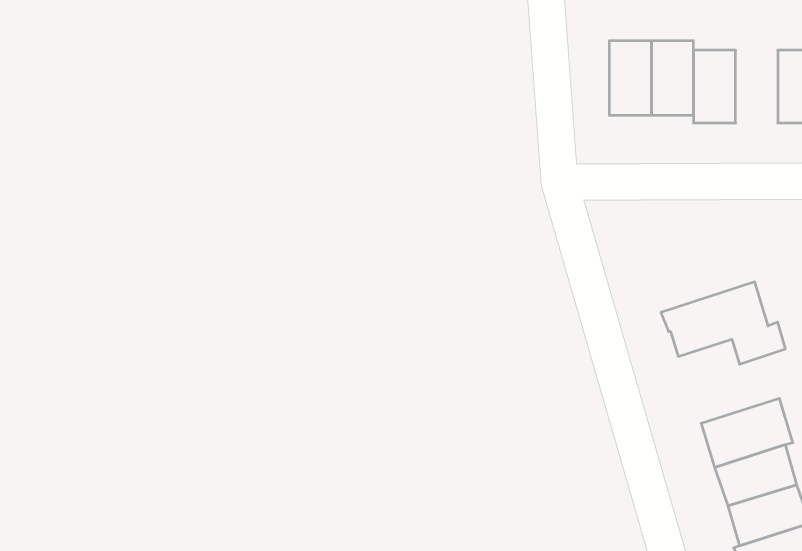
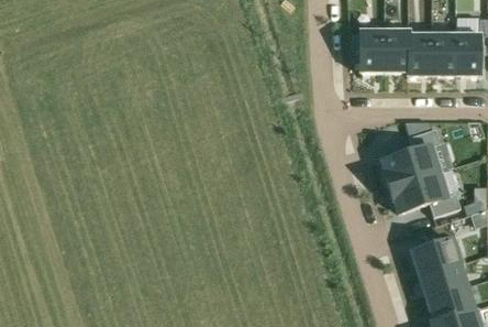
building: none -> [432,34,456,76]
building: none -> [382,126,443,185]

